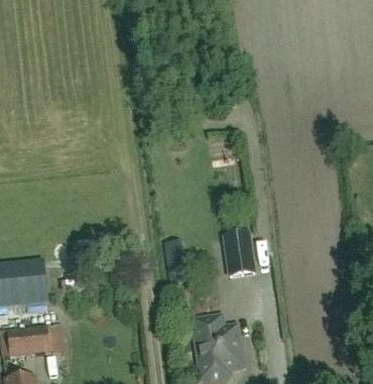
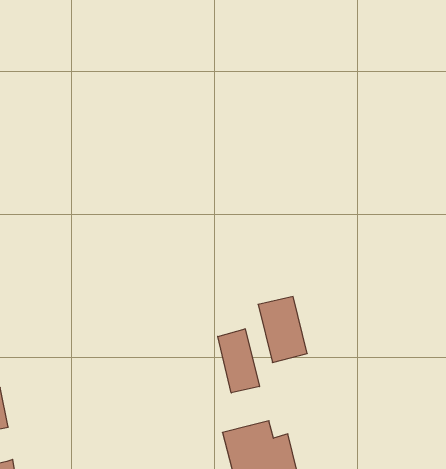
building: none -> [218,329,259,393]

